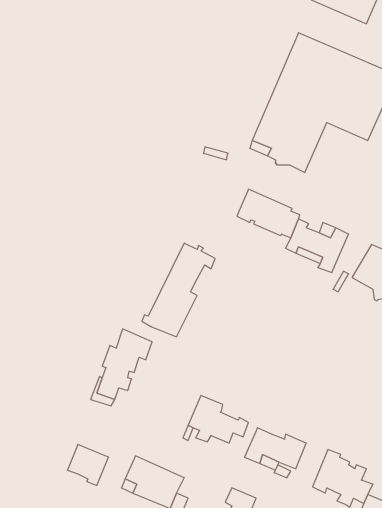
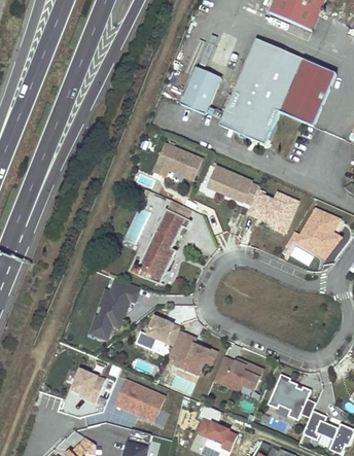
building: none -> [179,67,219,114]
building: none -> [151,141,202,180]
building: none -> [146,316,179,345]

